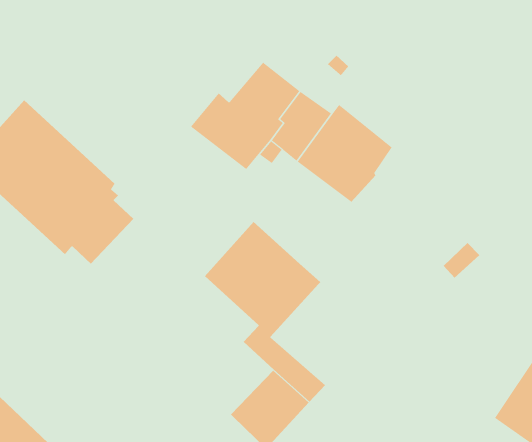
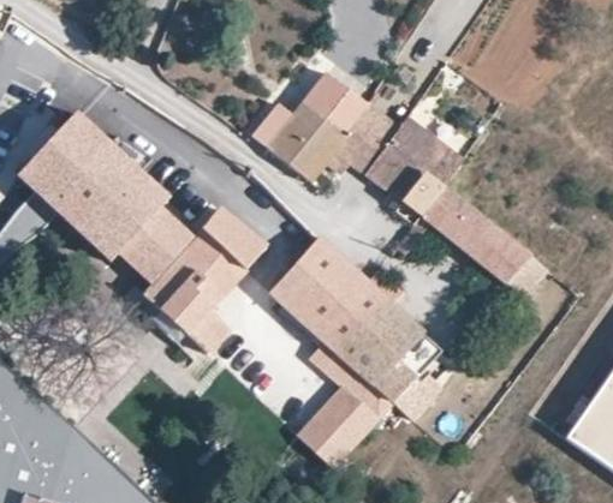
building: none -> [394,188,530,283]
building: none -> [142,209,264,385]
building: none -> [337,300,446,411]

